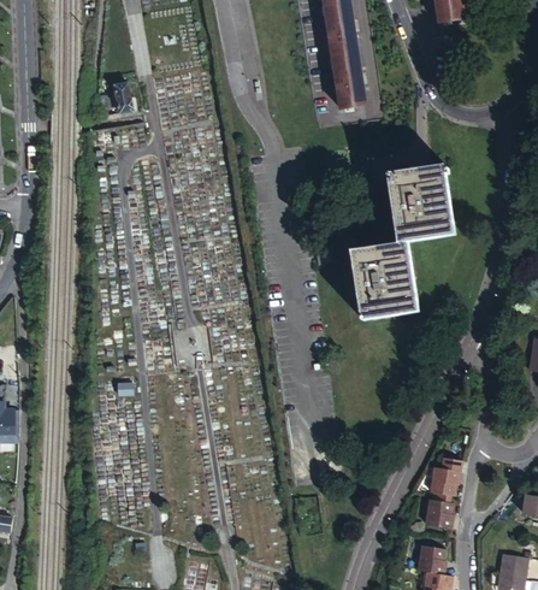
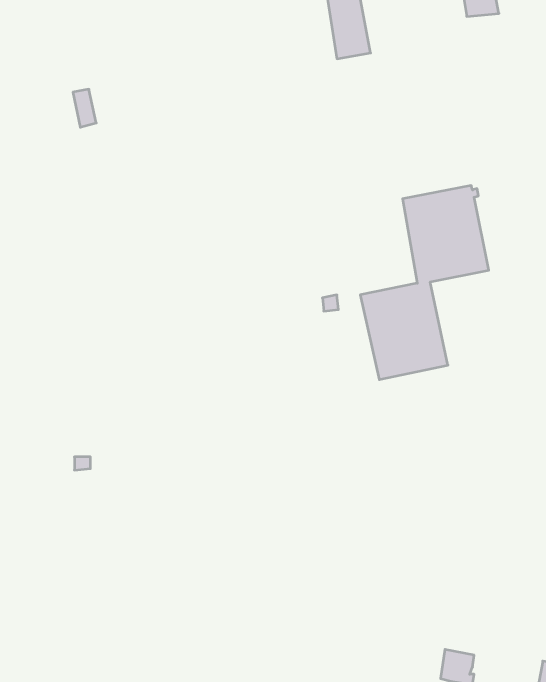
building: [332,52,367,108] -> none
building: [430,466,460,496] -> none
building: [425,497,453,527] -> none

